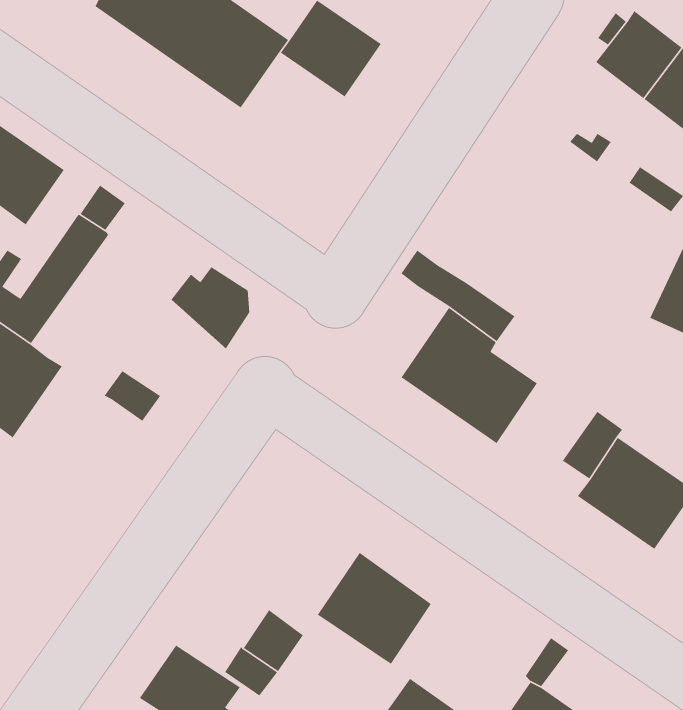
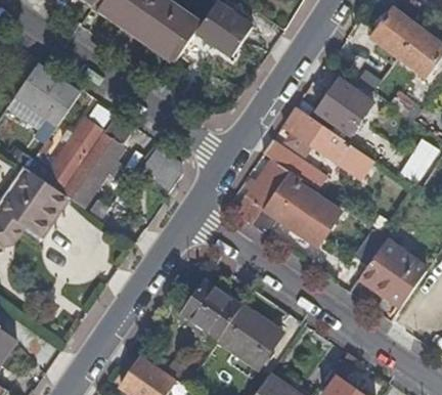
building: none -> [316,80,365,131]
building: none -> [283,109,372,179]
building: none -> [59,119,129,206]
building: none -> [234,160,290,226]
building: none -> [179,279,240,341]

